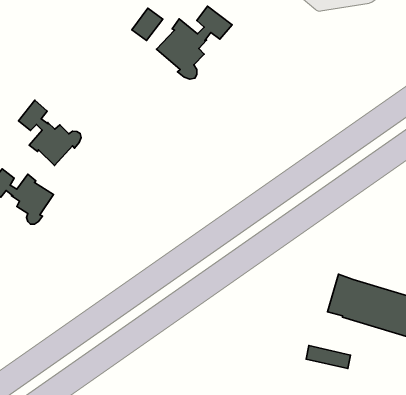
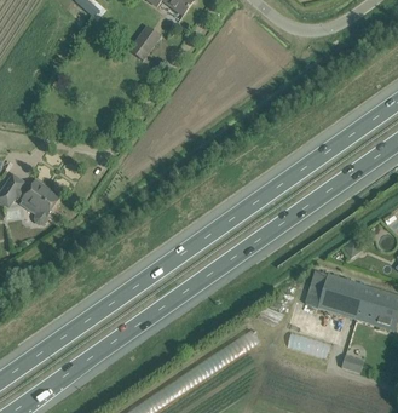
building: [157,6,232,79] -> none
building: [19,100,81,165] -> none

